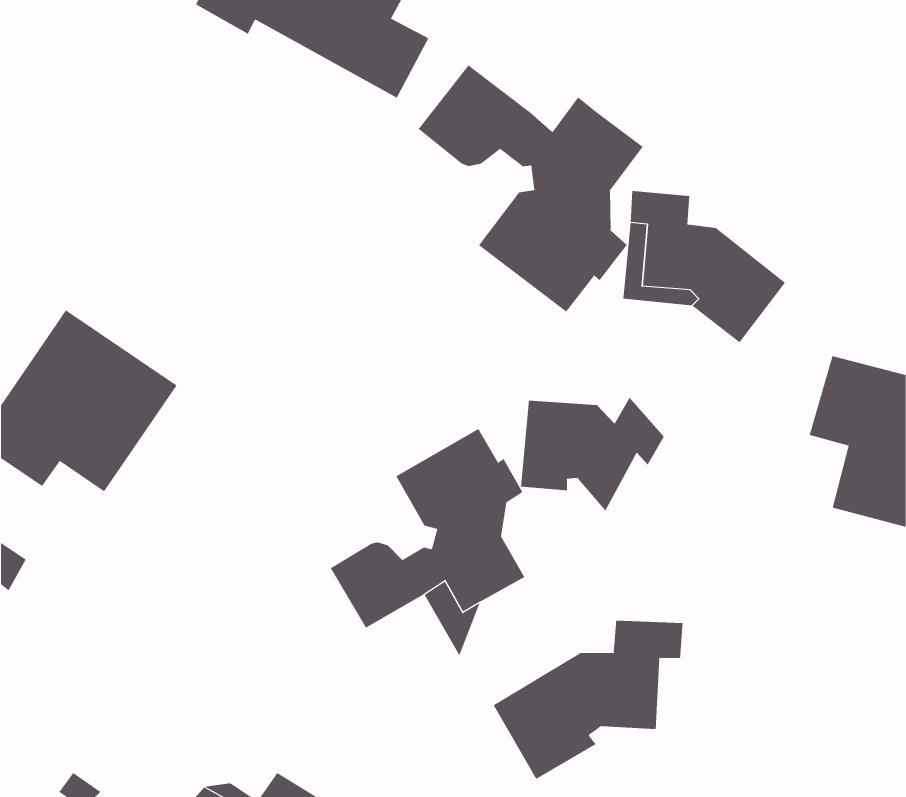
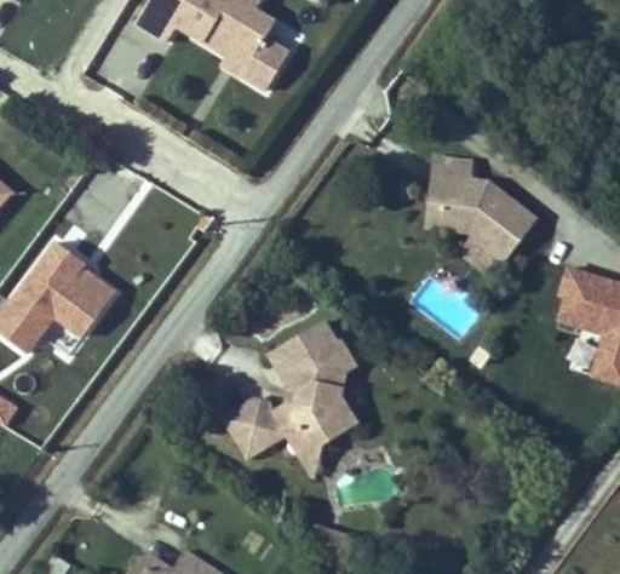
building: [418,64,644,313] -> none
building: [521,397,664,512] -> none
building: [493,620,683,780] -> none

